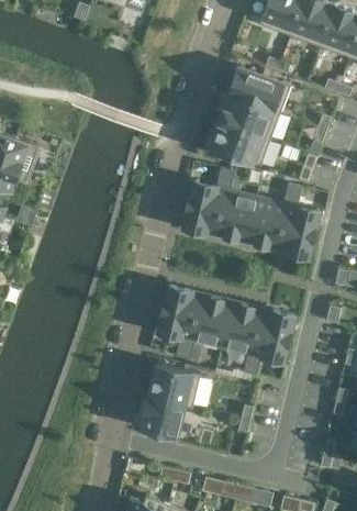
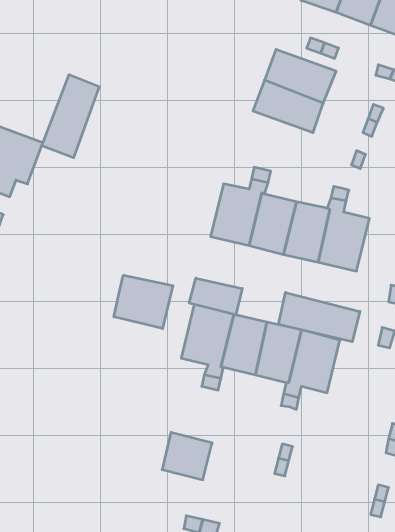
building: none -> [42,75,99,158]
building: [209,120,270,166] -> none
building: none -> [114,275,173,329]
building: none -> [189,278,242,315]
building: none -> [278,292,360,342]
building: [148,364,199,408] -> none

